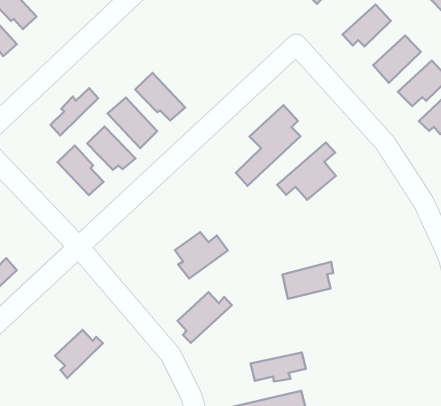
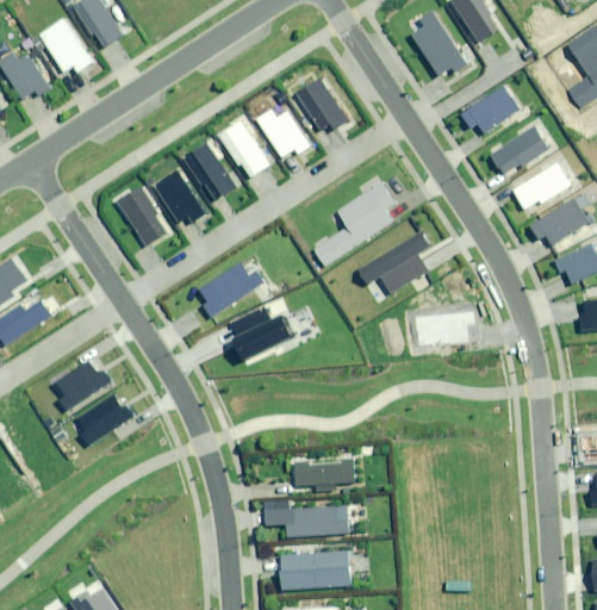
building: none -> [296,76,348,130]
building: none -> [256,108,311,157]
building: [50,88,98,135] -> none
building: [282,262,333,299] -> [416,311,473,344]
building: [177,292,232,343] -> [199,262,263,316]
building: none -> [55,361,111,410]

